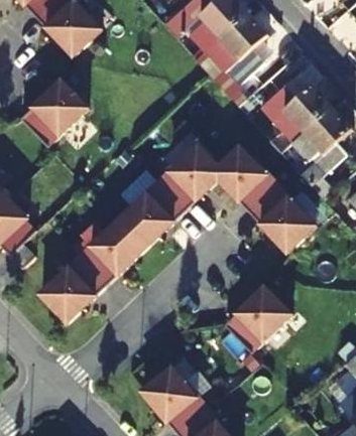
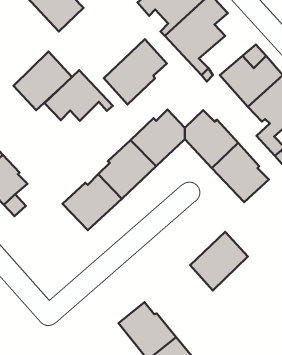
building: none -> [104,39,167,105]
building: none -> [45,70,113,121]
building: [40,255,107,323] -> none

